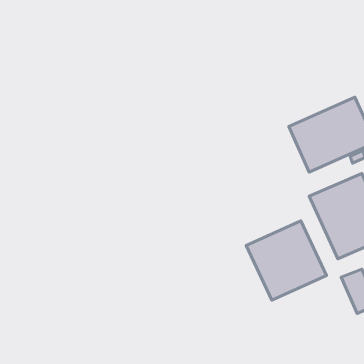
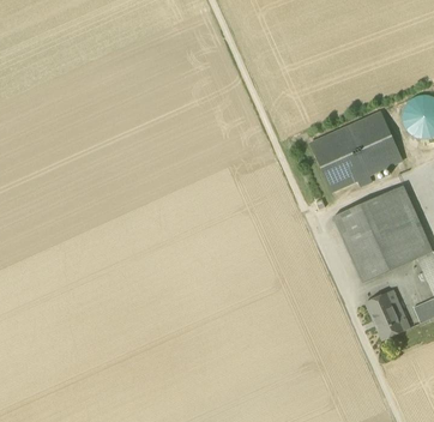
building: [246,221,326,300] -> none

